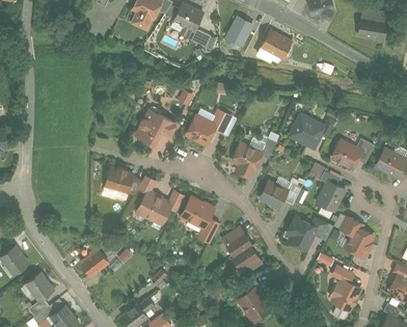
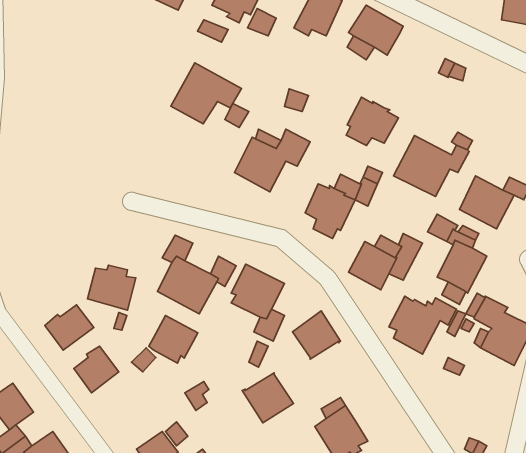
building: none -> [346,97,398,145]
building: [133,107,179,146] -> [171,63,242,124]
building: [103,165,134,194] -> [87,265,136,310]
building: none -> [45,305,94,350]
building: none -> [149,315,198,363]
building: [230,244,264,276] -> [242,373,293,423]
building: [325,262,362,309] -> none

